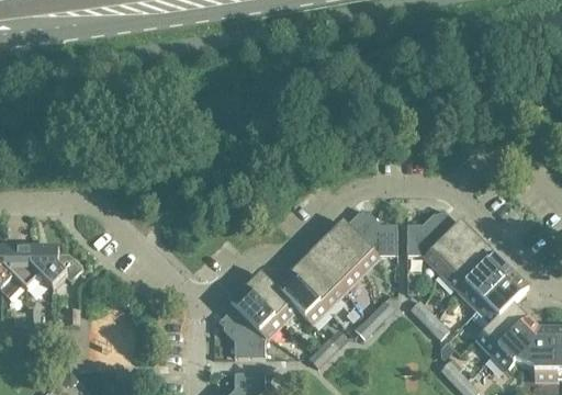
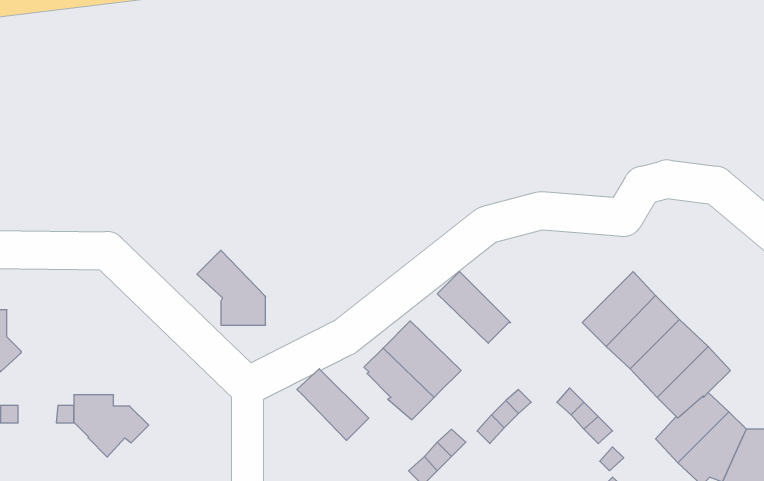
building: [345,210,395,257] -> none
building: [405,210,458,257] -> none
building: [307,237,361,290] -> none
building: [30,248,81,291] -> [74,395,149,457]
building: [245,272,294,323] -> none
building: [216,306,263,358] -> [197,250,266,325]

